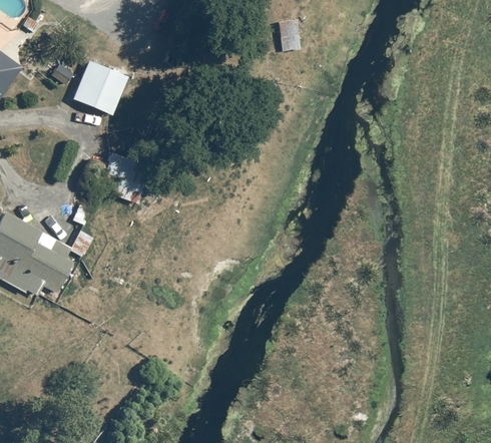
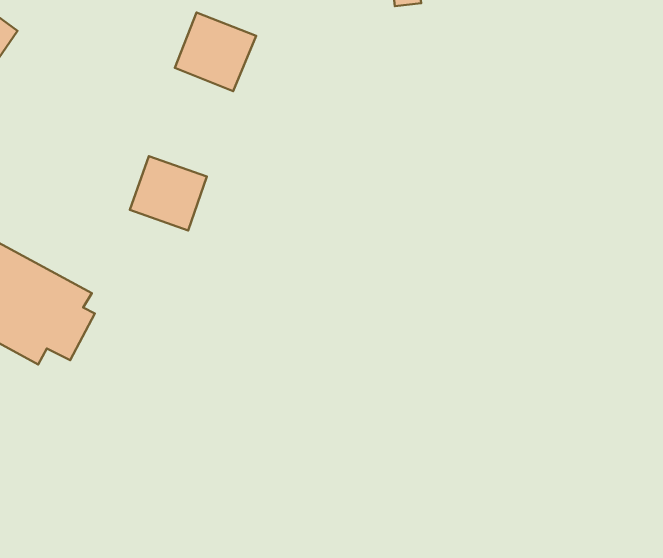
building: [72,61,128,115] -> [175,13,256,91]

